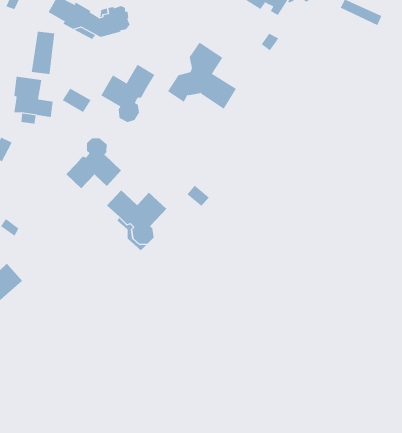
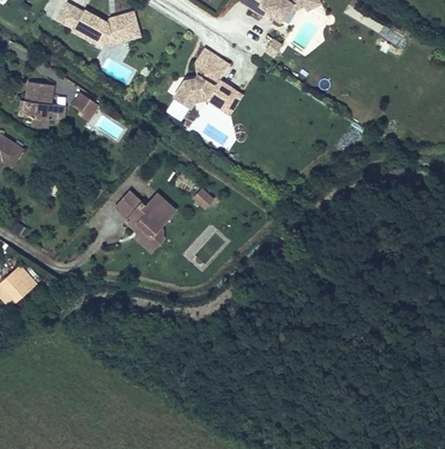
building: [31,31,55,75] -> none
building: [100,64,155,123] -> none
building: [65,137,122,189] -> none

